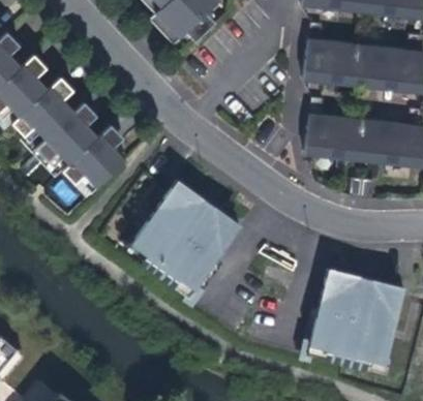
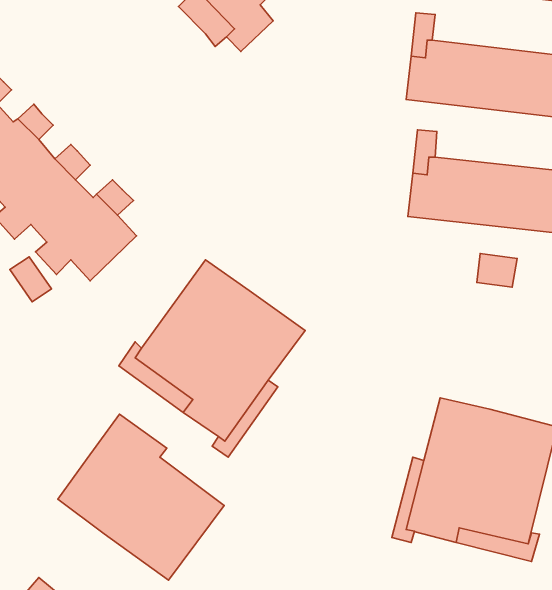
building: none -> [58,414,224,580]

